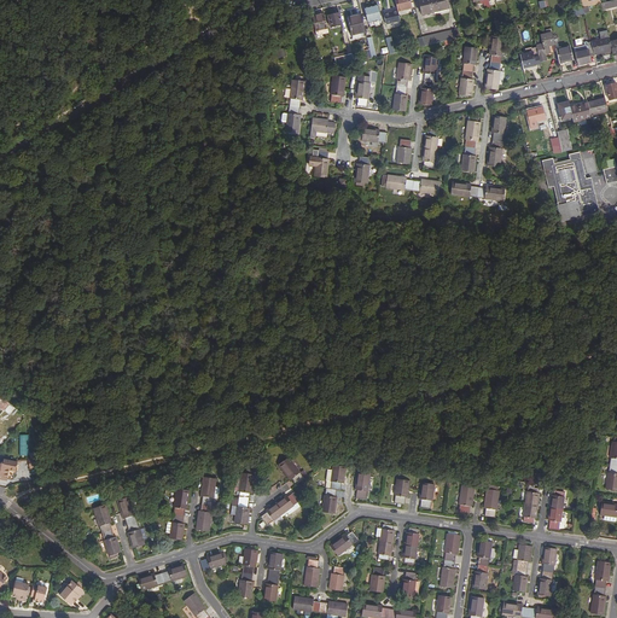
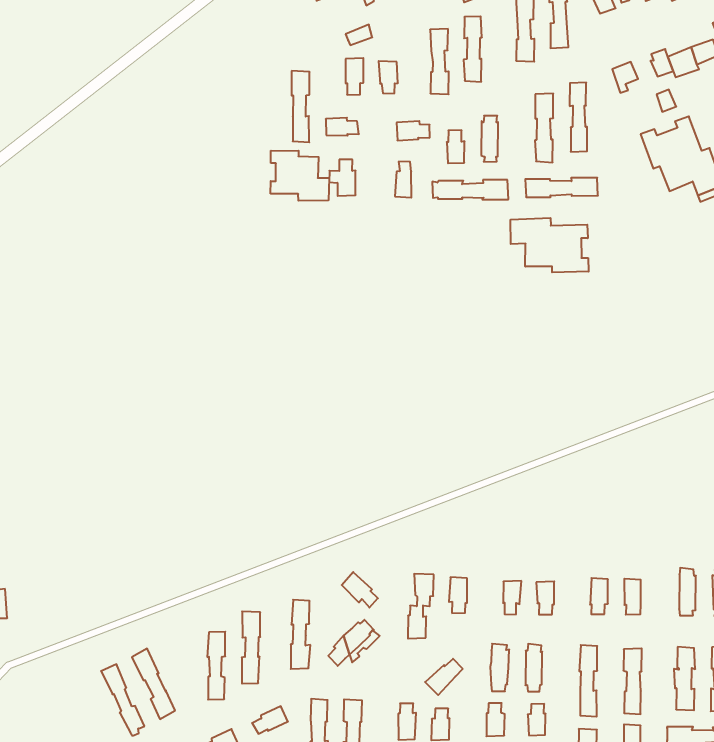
building: none -> [271,151,329,201]
building: none -> [511,218,589,272]

